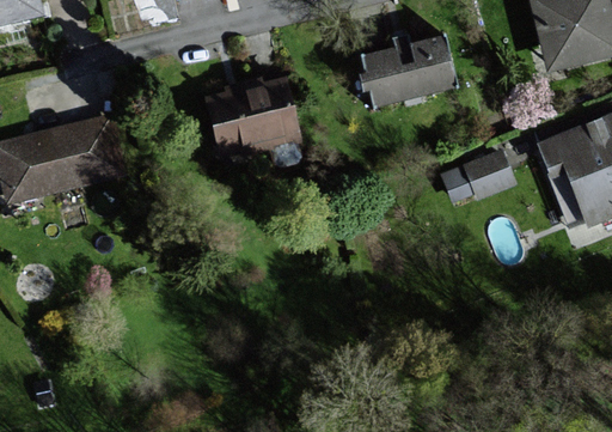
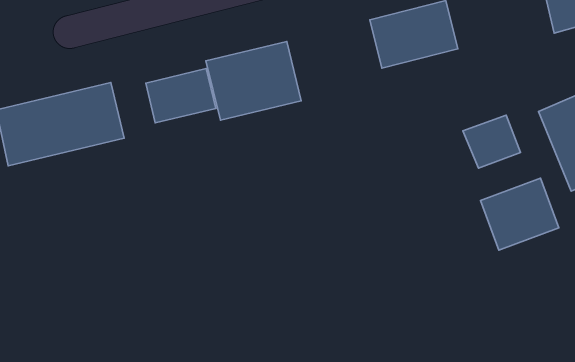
building: none -> [146,69,216,123]
building: none -> [481,178,559,250]

